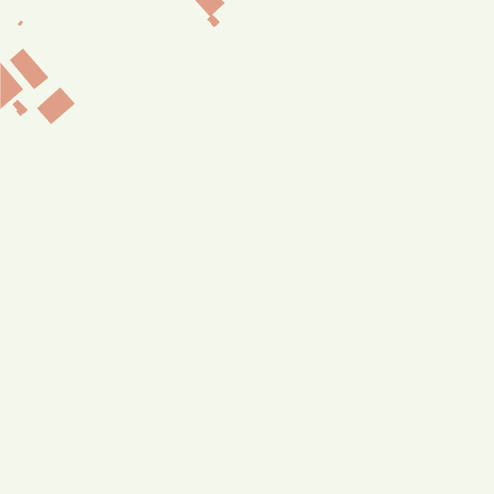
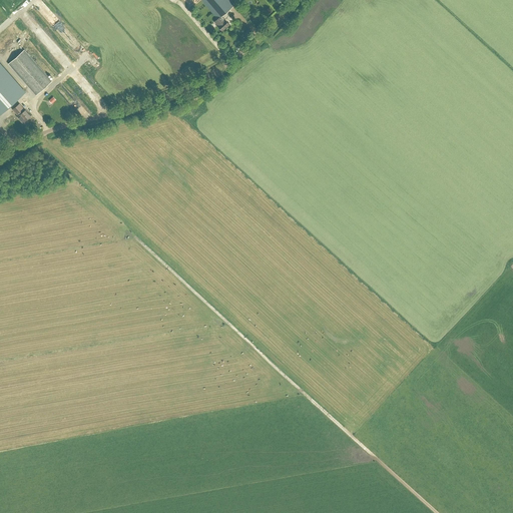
building: [36,86,76,125] -> none

